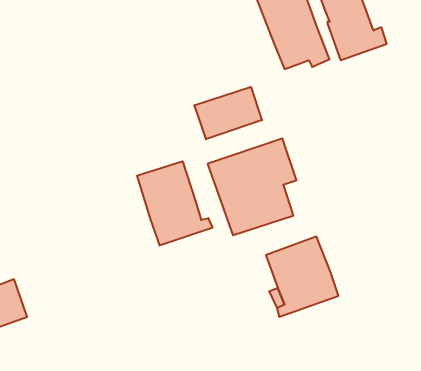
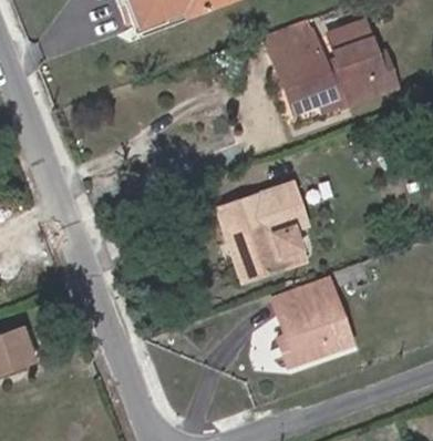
building: [194,87,262,139] -> none
building: [137,161,212,246] -> none

